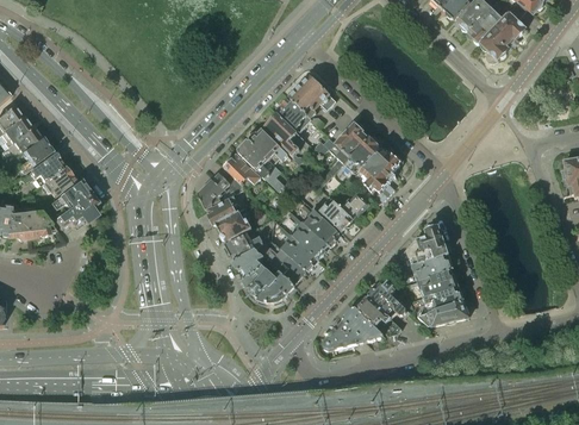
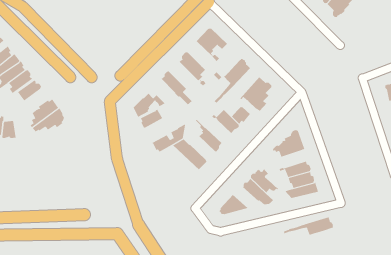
building: [278,98,312,131] -> none
building: [250,129,288,163] -> none
building: [341,136,382,188] -> none
building: [224,154,264,188] -> none
building: [42,165,76,196] -> none
building: [301,202,340,245] -> none
building: [216,206,253,239] -> none
building: [25,210,56,237] -> none
building: [280,225,317,269] -> none
building: [234,248,294,300] -> none
building: [405,255,452,281] -> none
building: [343,307,385,339] -> none
building: none -> [283,216,334,236]

